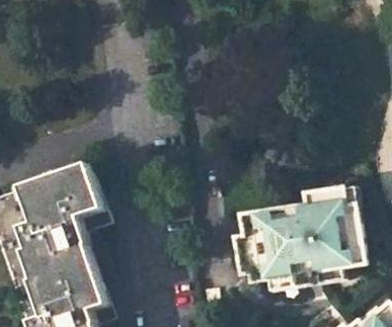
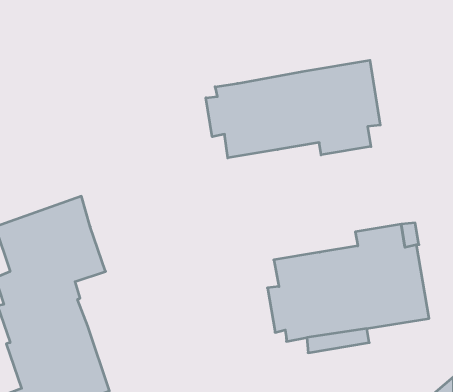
building: none -> [206,60,380,158]

